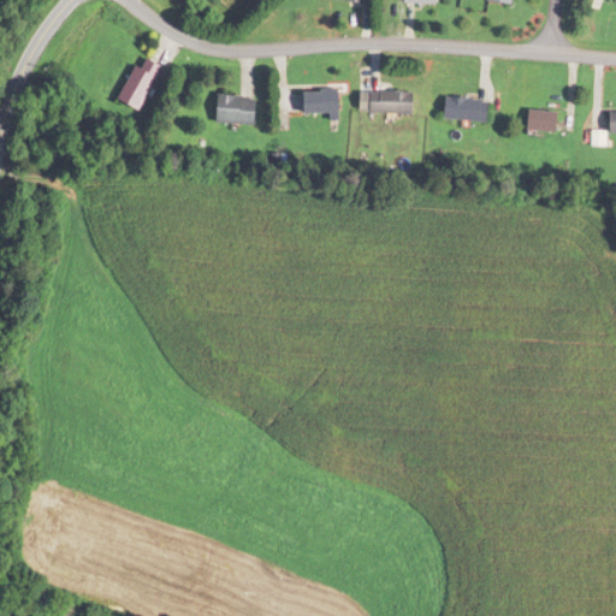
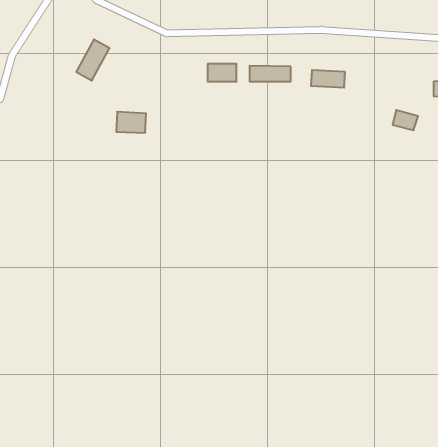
building: [213,94,254,123] -> [116,112,146,133]
building: [525,106,559,134] -> [393,110,418,130]

